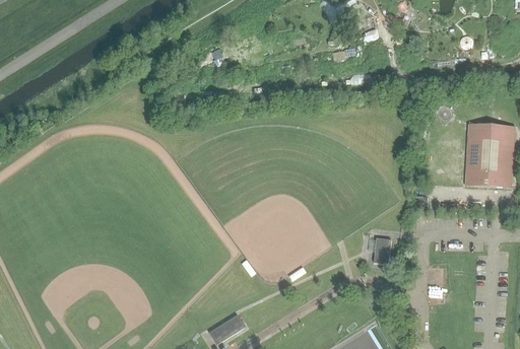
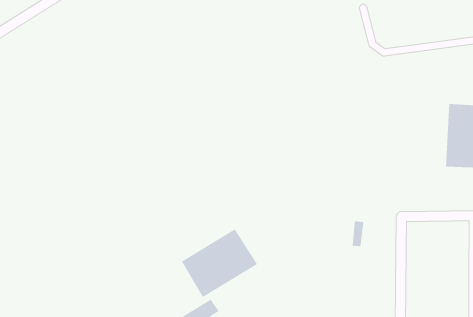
building: none -> [181,229,258,298]

